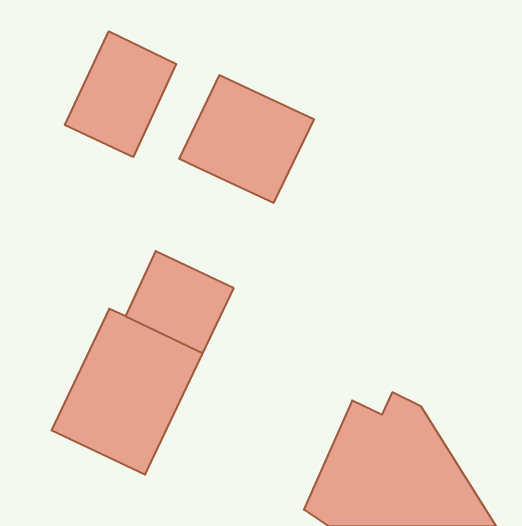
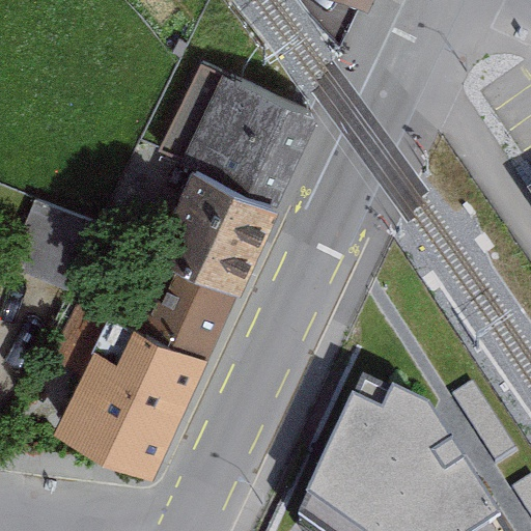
building: [65,31,176,157] -> none
building: none -> [161,168,280,290]

